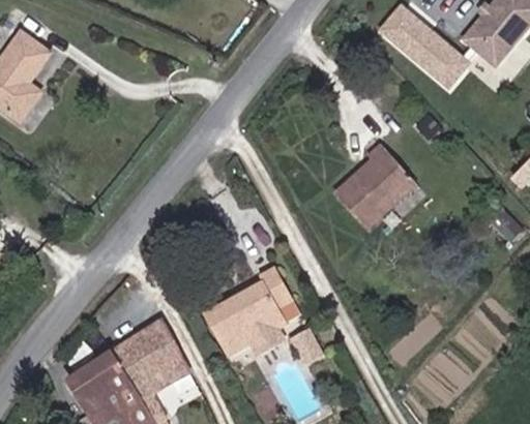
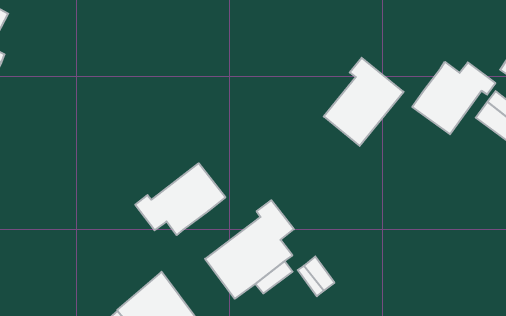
building: none -> [412,62,495,134]
building: none -> [135,163,225,235]

